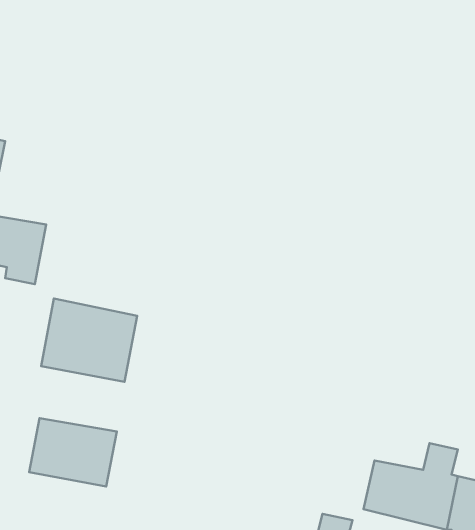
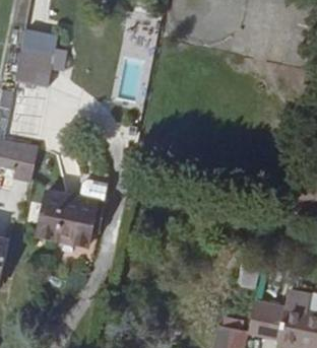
building: none -> [18,27,64,83]
building: [29,418,117,487] -> none

